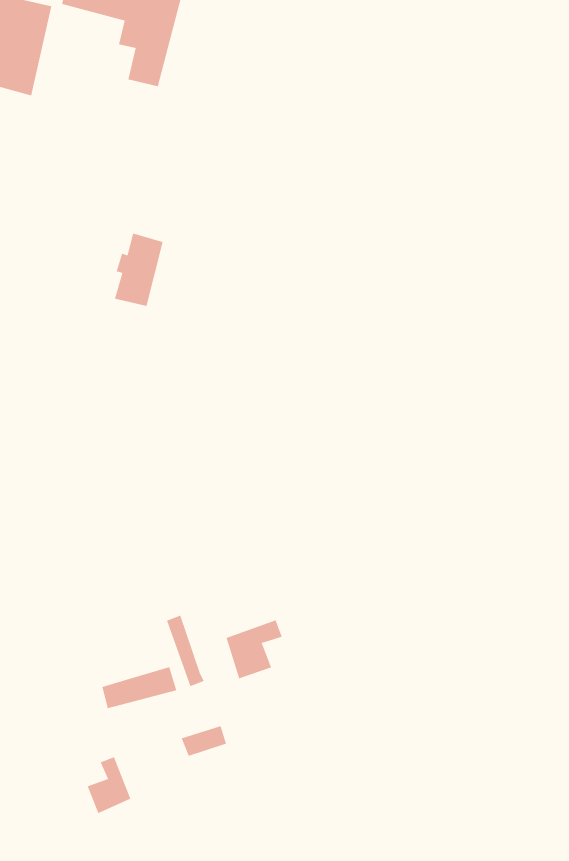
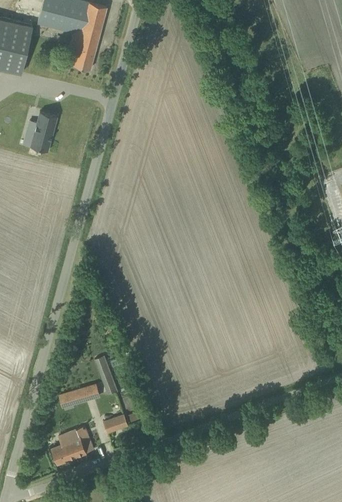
building: [114,233,164,306] -> [29,114,56,154]
building: [226,619,283,679] -> none
building: none -> [66,426,93,456]

